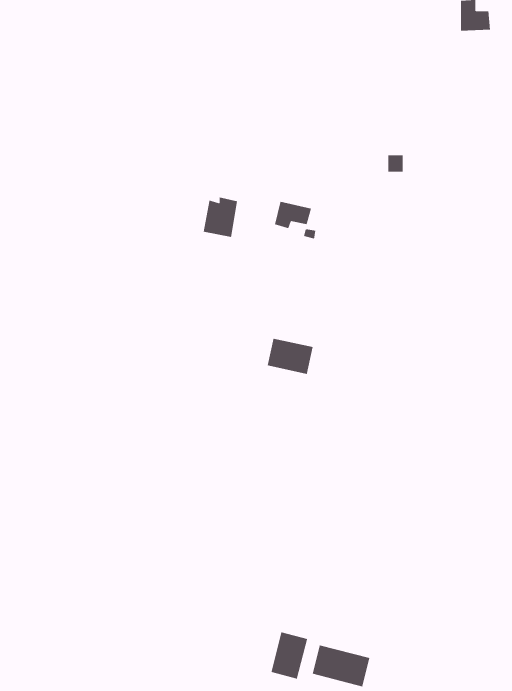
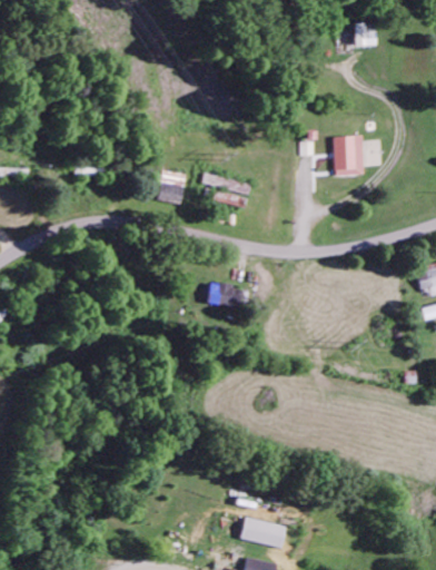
building: none -> [333,136,363,176]
building: [271,632,308,680] -> none

